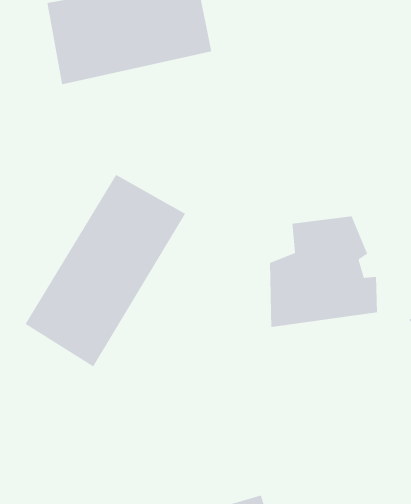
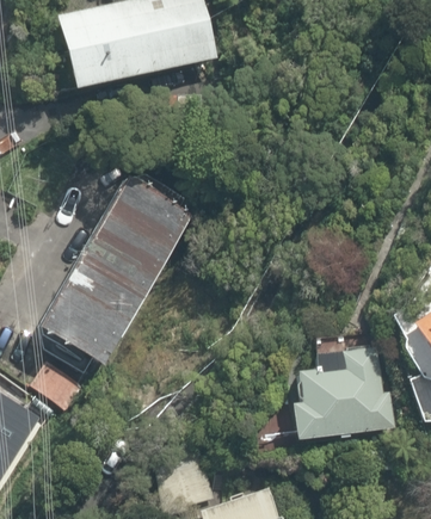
building: [269,216,378,328] -> [294,330,399,439]

